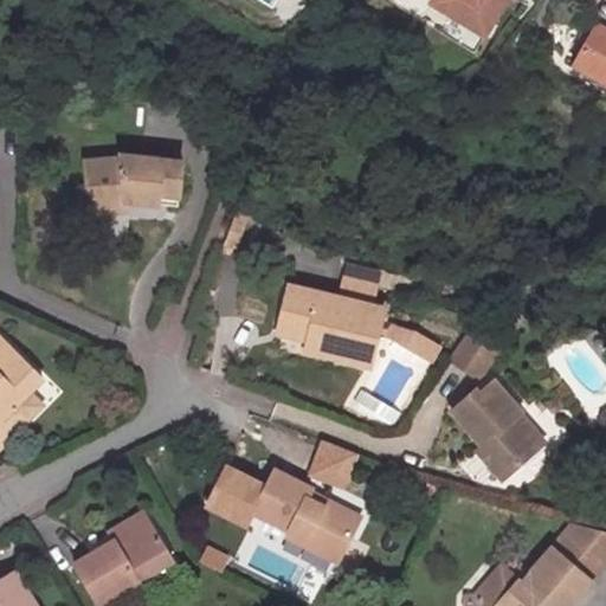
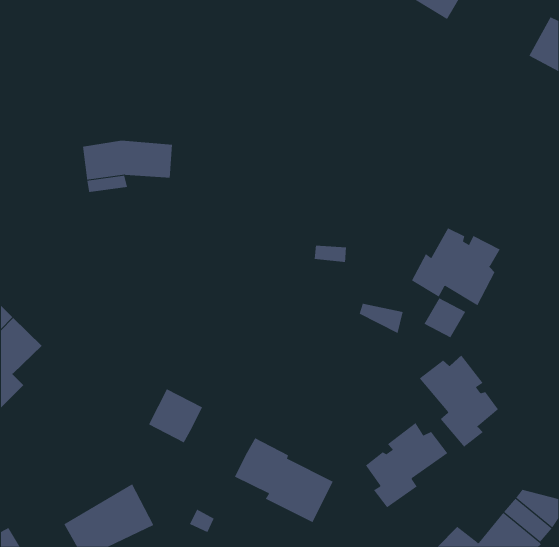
building: none -> [411,227,500,306]
building: [279,286,388,372] -> none
building: [316,441,357,486] -> none
building: none -> [365,422,448,508]
building: [207,470,266,529] -> [148,388,203,443]

